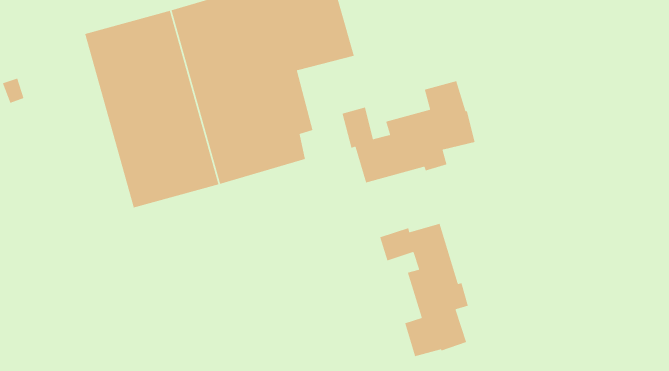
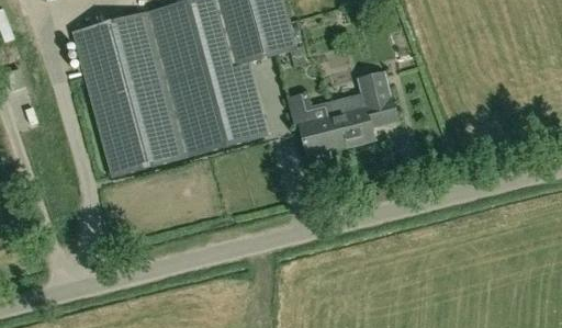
building: [379,223,469,357] -> none

